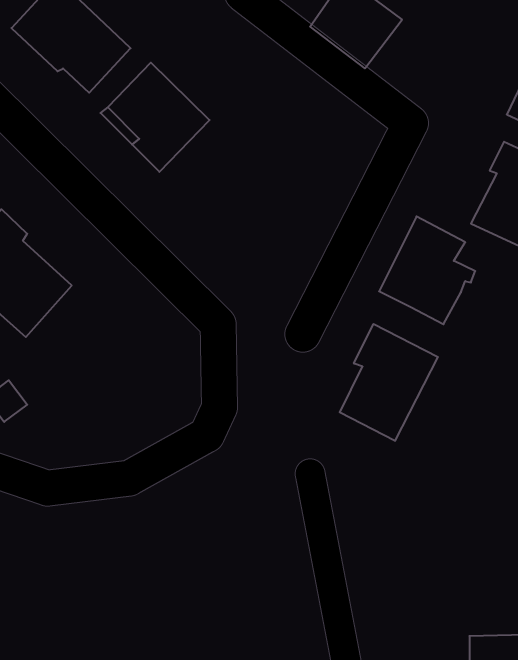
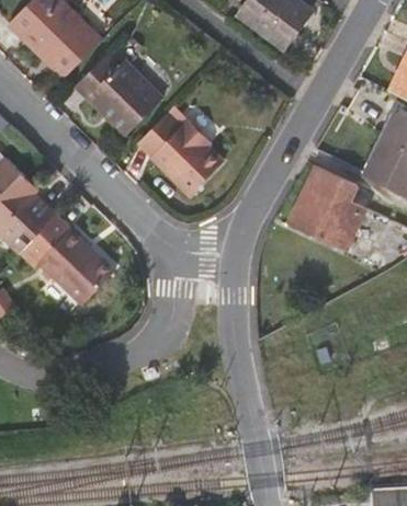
building: none -> [133,111,219,194]
building: none -> [25,218,120,304]
building: [340,324,438,441] -> none

